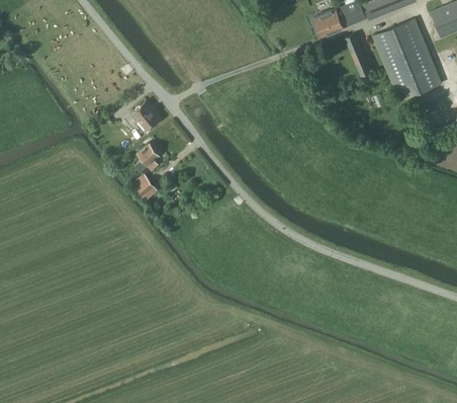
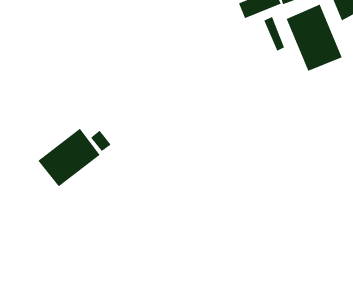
building: [129,101,161,135] -> none
building: [135,143,160,171] -> none
building: none -> [38,128,100,187]

